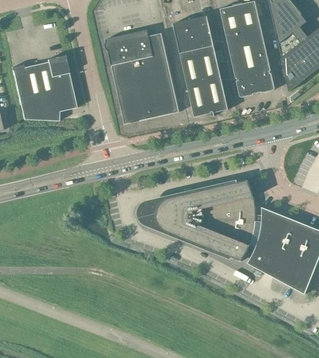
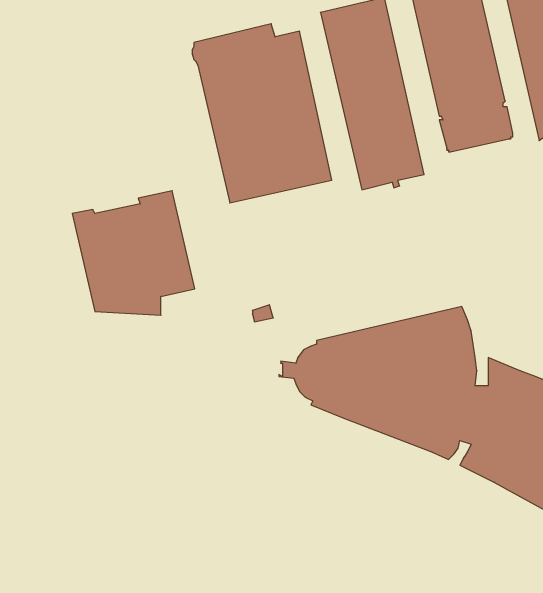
building: [12,55,77,121] -> [72,191,195,315]

